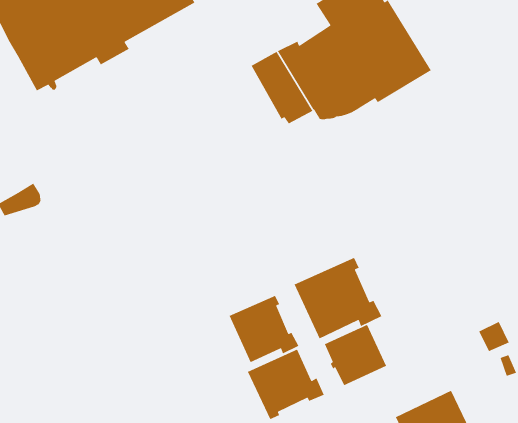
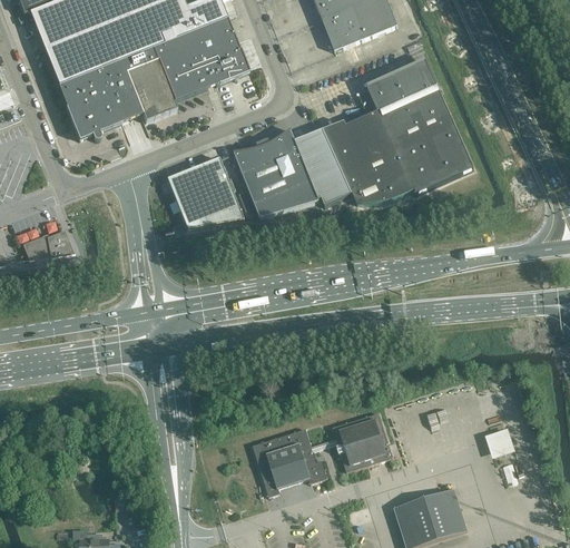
building: none -> [233,128,318,217]
building: none -> [167,157,244,228]
building: [293,257,383,339] -> none
building: [228,295,299,363] -> none

